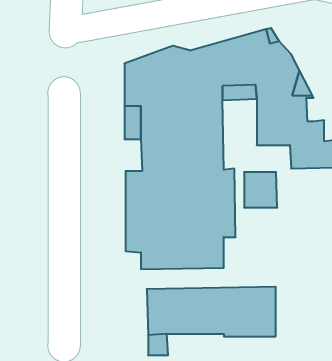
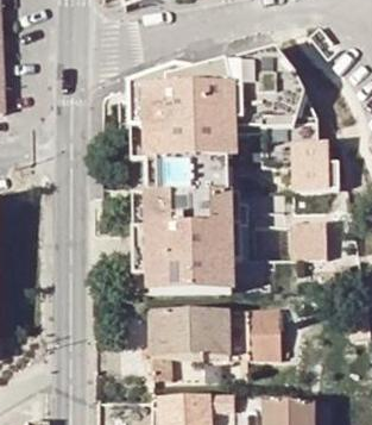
building: [244,172,277,208] -> [295,219,328,255]

